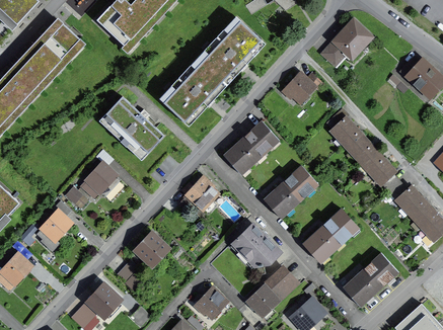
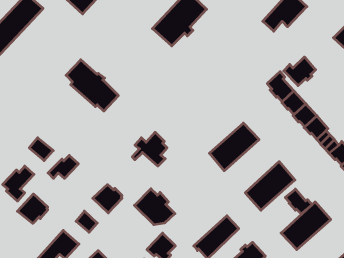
building: [163,62,222,122] -> none
building: [283,73,322,102] -> none
building: none -> [284,57,316,86]
building: [223,121,279,174] -> none
building: [81,166,115,191] -> [48,155,78,178]
building: [234,225,279,264] -> [134,189,175,225]
building: none -> [285,189,312,214]
building: none -> [17,194,48,223]

